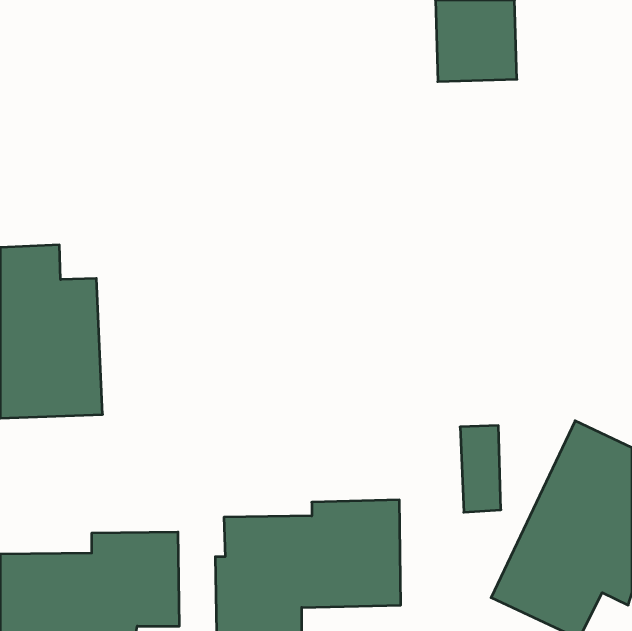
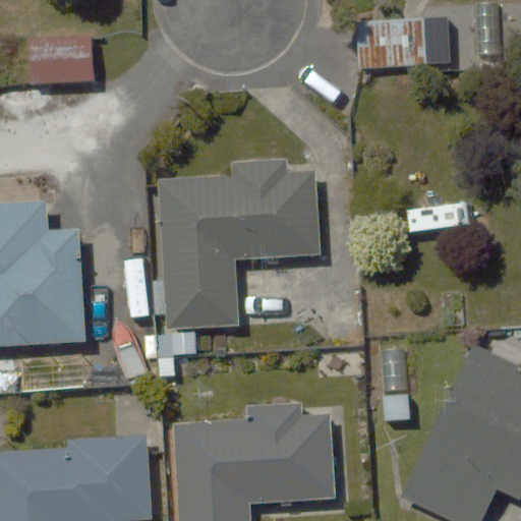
building: none -> [26,33,94,85]
building: none -> [160,154,314,326]

